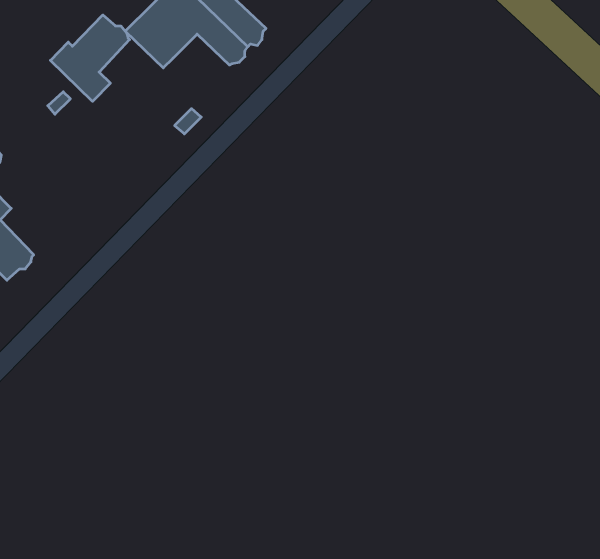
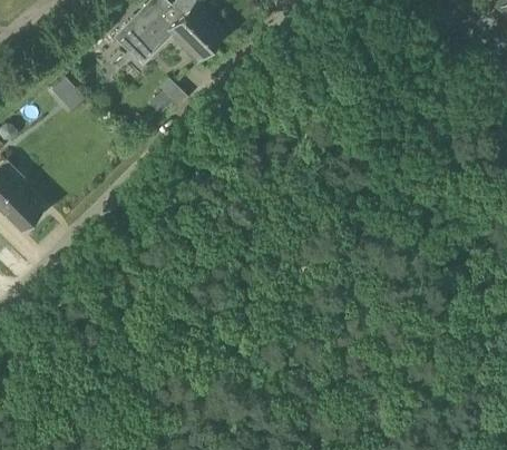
building: [50,15,130,101] -> none

